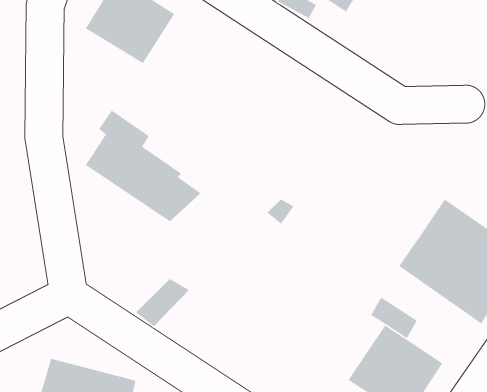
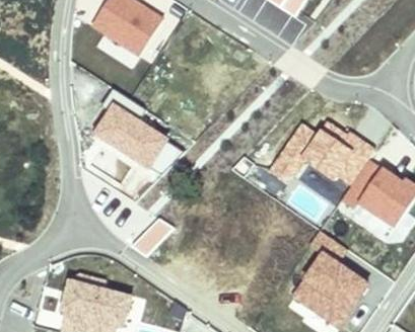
building: none -> [268,120,371,183]

